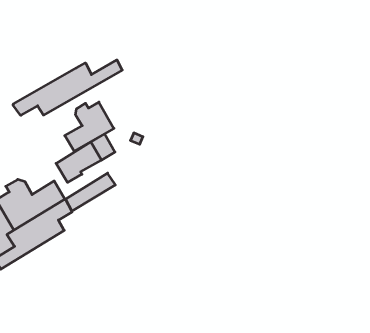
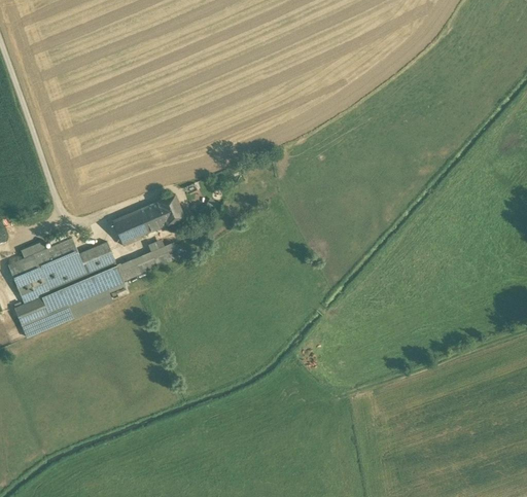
building: [13,60,122,115] -> none
building: [65,102,114,151] -> none

